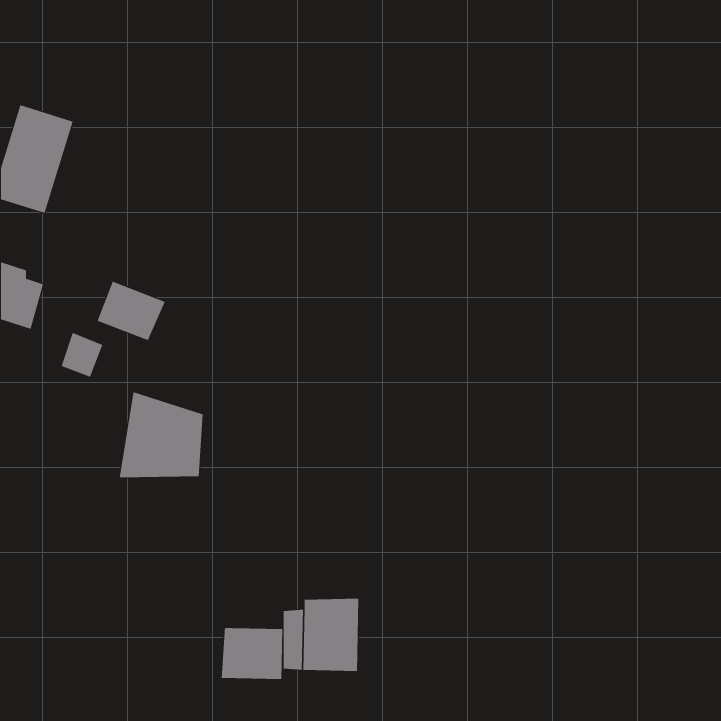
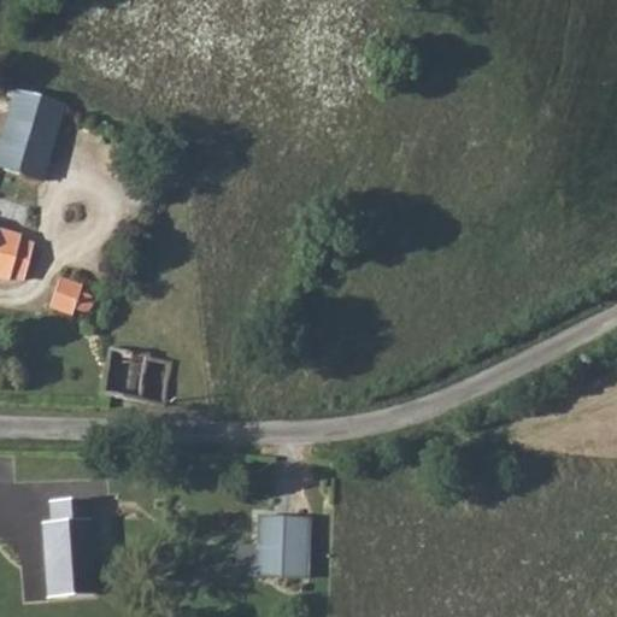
building: [97,281,166,341] -> none
building: none -> [36,498,87,595]
building: [221,627,283,680] -> none

